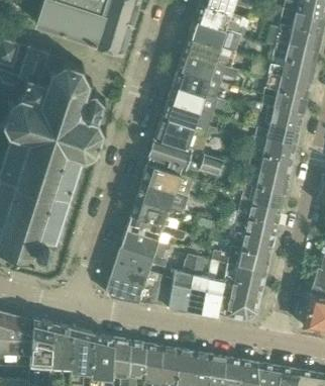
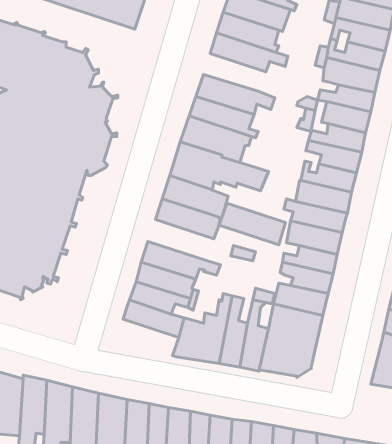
building: [174,69,222,98] -> none
building: [130,198,182,230] -> [219,203,285,245]
building: [108,276,154,304] -> none

